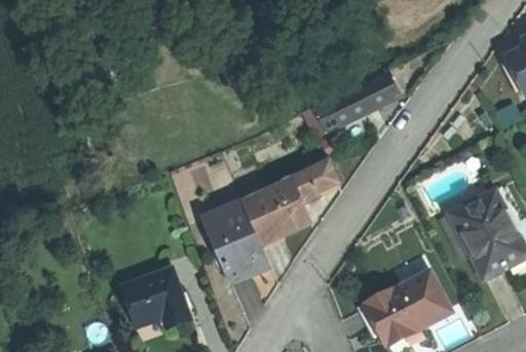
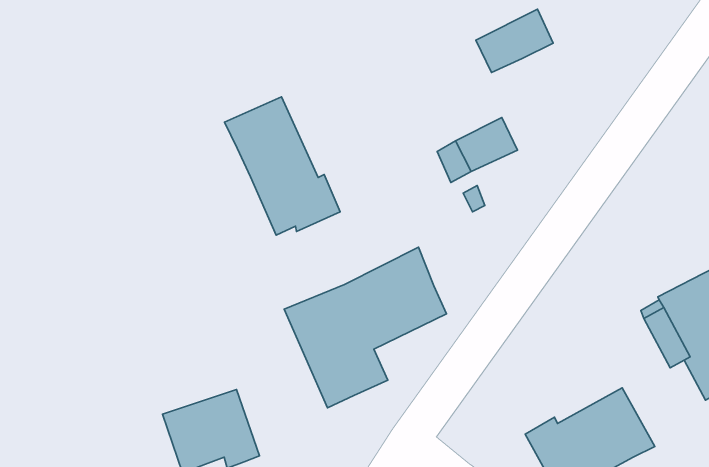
building: [348,71,400,113] -> [476,9,553,72]
building: none -> [224,97,340,235]
building: [293,160,338,203] -> none

